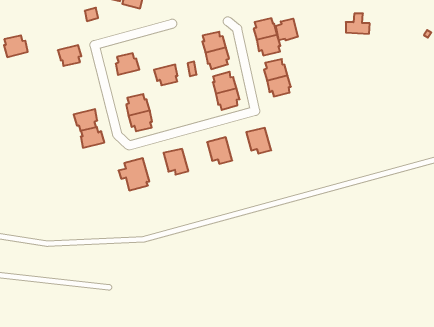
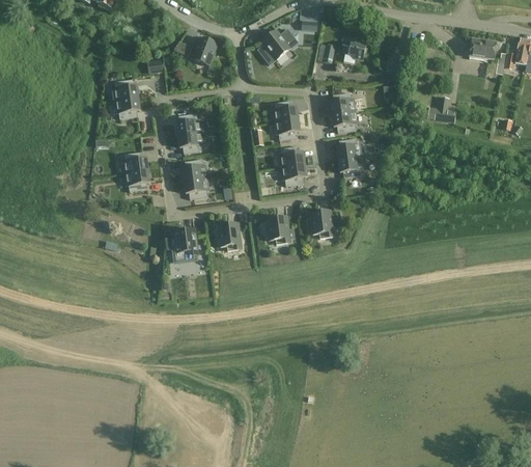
building: [276,19,298,40] -> none
building: [4,35,28,57] -> [113,79,138,101]
building: [154,65,178,85] -> [177,132,202,153]
building: [81,127,104,148] -> [123,152,148,172]

